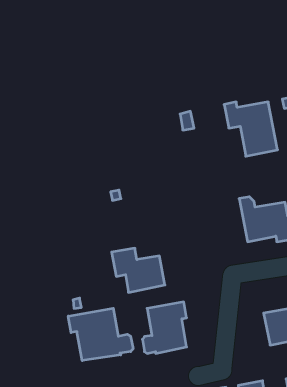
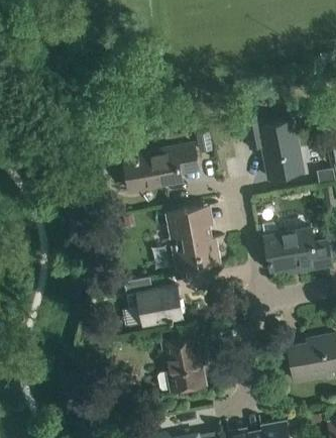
building: none -> [123,143,198,191]
building: none -> [160,205,221,271]
building: [68,308,133,361] -> none

